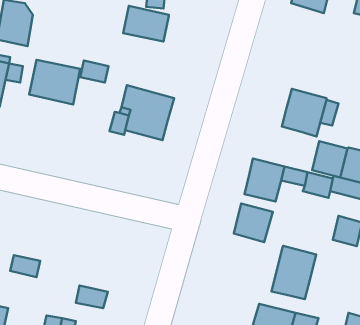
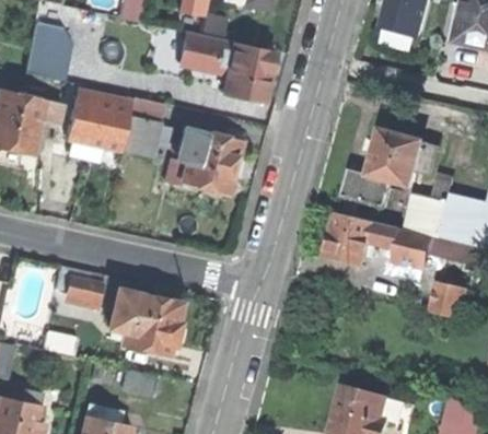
building: none -> [222,44,274,103]
building: none -> [119,117,156,157]
building: none -> [342,171,392,208]
building: [234,204,273,242] -> none
building: none -> [66,272,181,351]
building: [271,246,316,299] -> none

